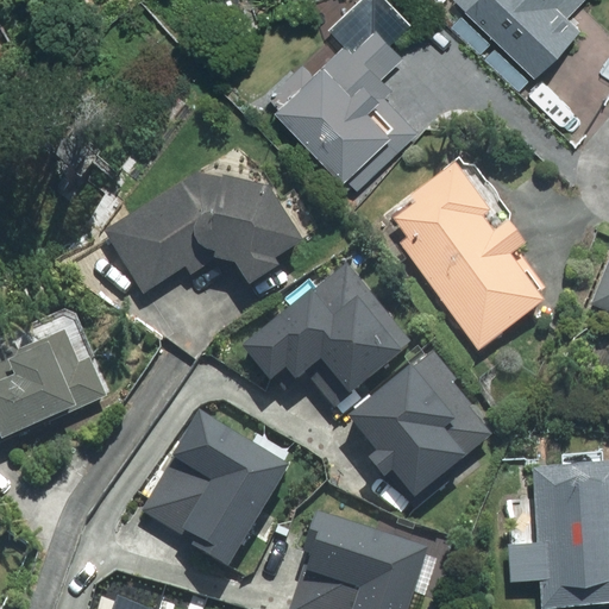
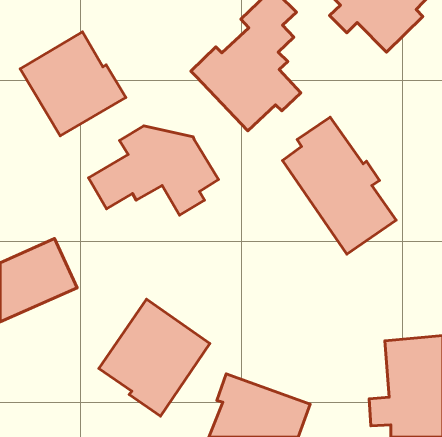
building: none -> [20,32,126,136]
building: [233,259,412,404] -> none
building: [346,347,491,497] -> none

